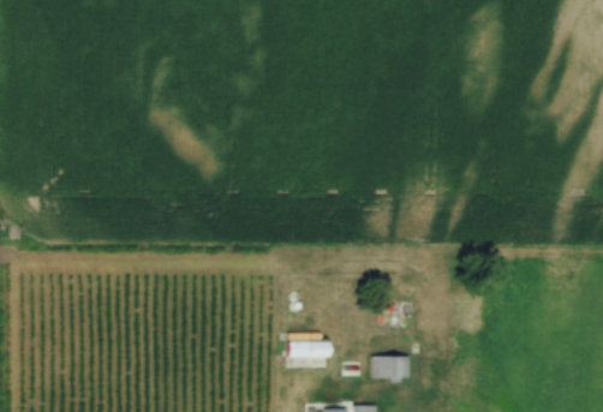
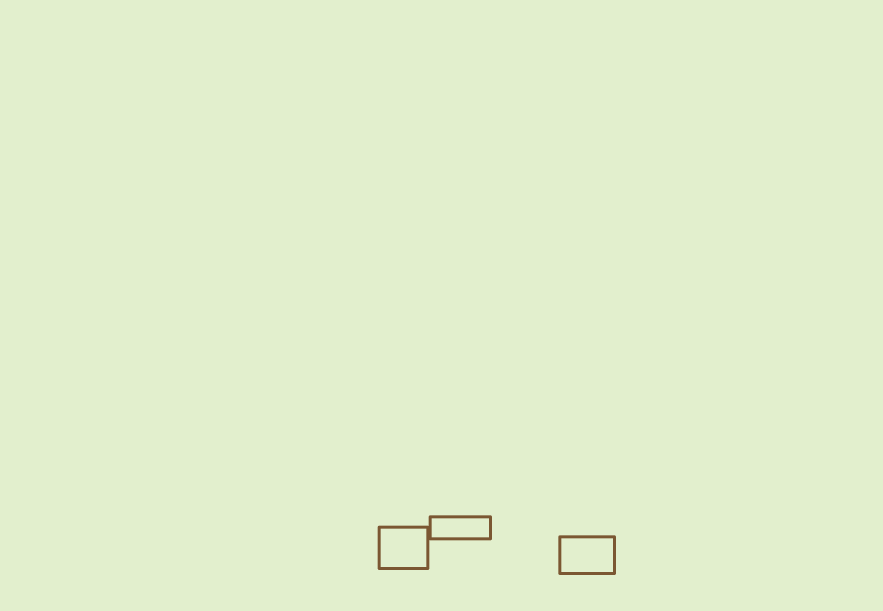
building: none -> [379,527,428,569]

